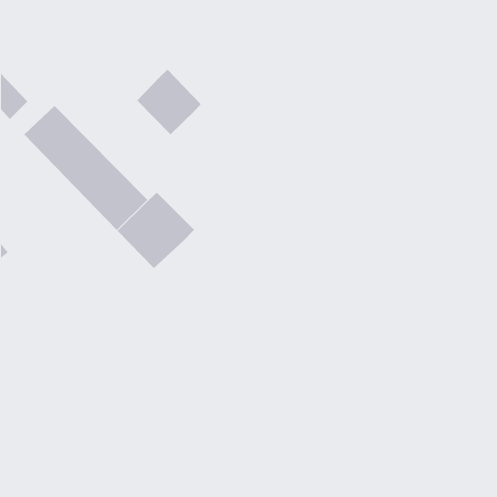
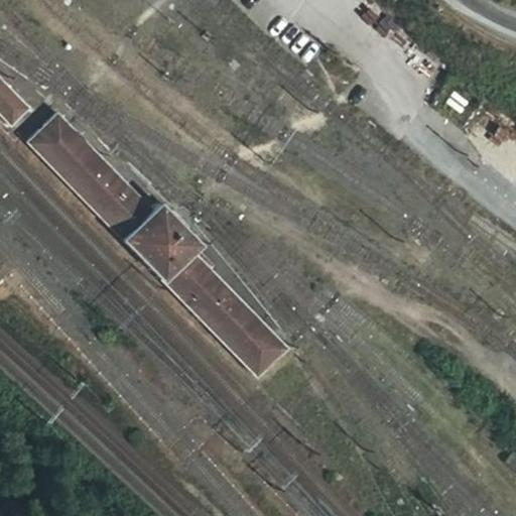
building: [136,69,202,135] -> none
building: none -> [160,250,289,377]

